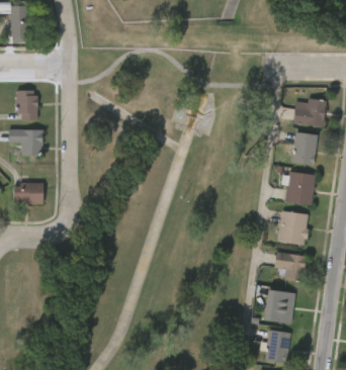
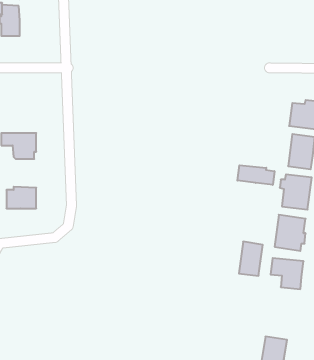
building: [17,90,38,120] -> none
building: none -> [237,165,274,185]
building: [272,290,295,323] -> [239,242,263,276]

